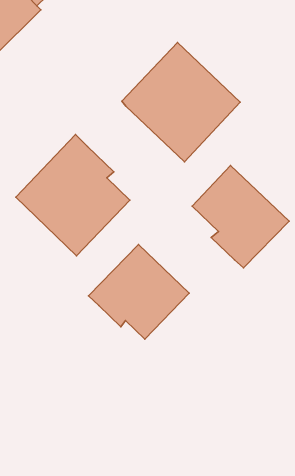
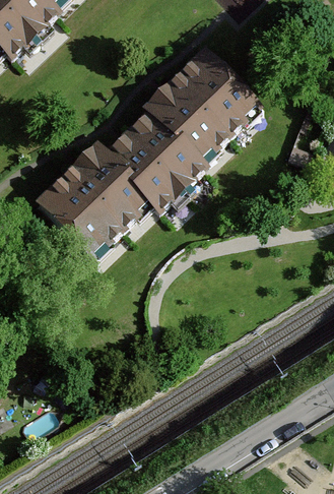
building: [192,166,289,268] -> [106,111,203,213]
building: [88,244,189,339] -> none

